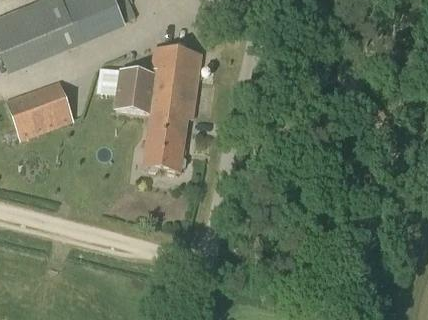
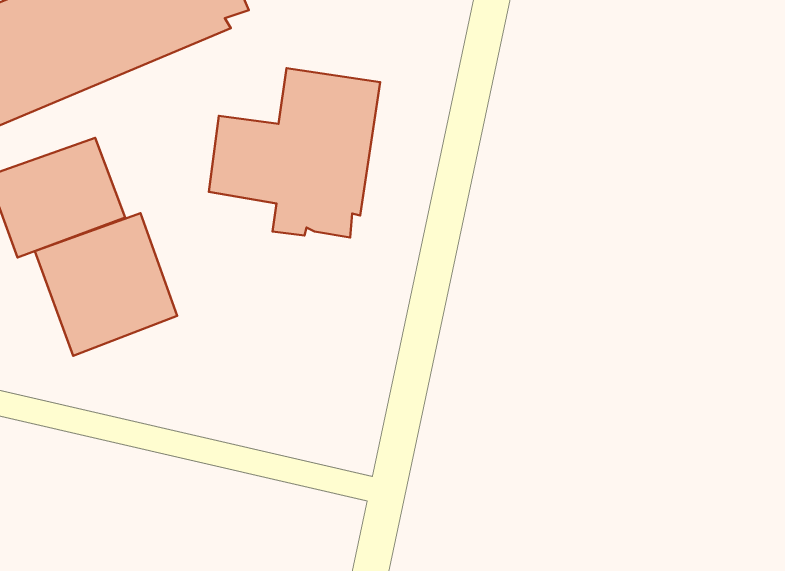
building: none -> [35,213,177,356]
building: [141,125,186,171] -> none

